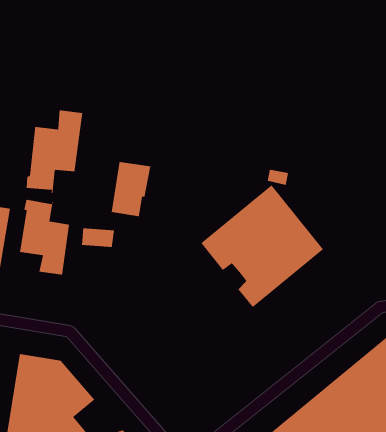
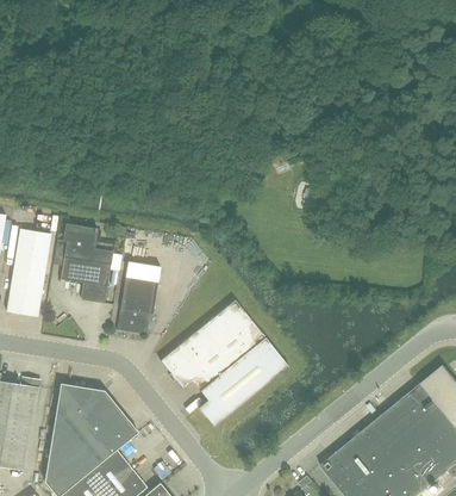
building: [26,110,83,194] -> none
building: [111,161,151,217] -> [117,277,158,334]
building: [201,185,324,308] -> [161,299,288,427]

